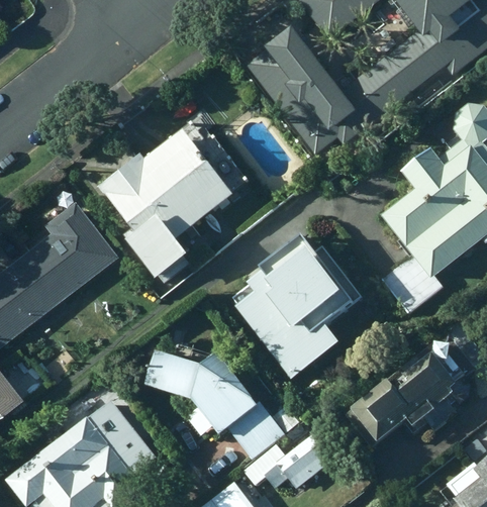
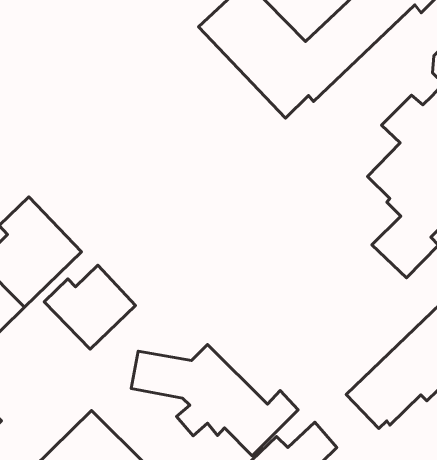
building: [100,117,242,279] -> none
building: [230,232,363,380] -> none
building: none -> [44,265,135,349]

